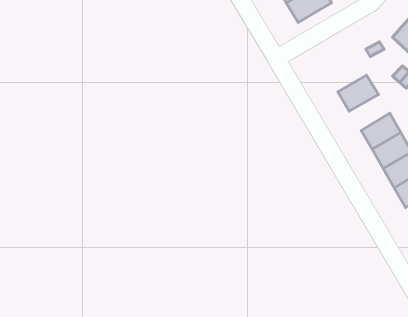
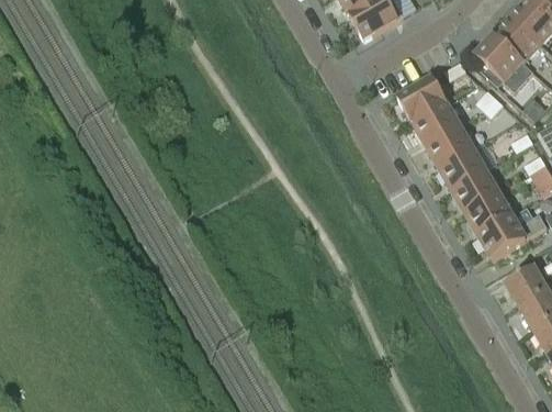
building: none -> [398,77,446,121]
building: none -> [425,124,473,167]

